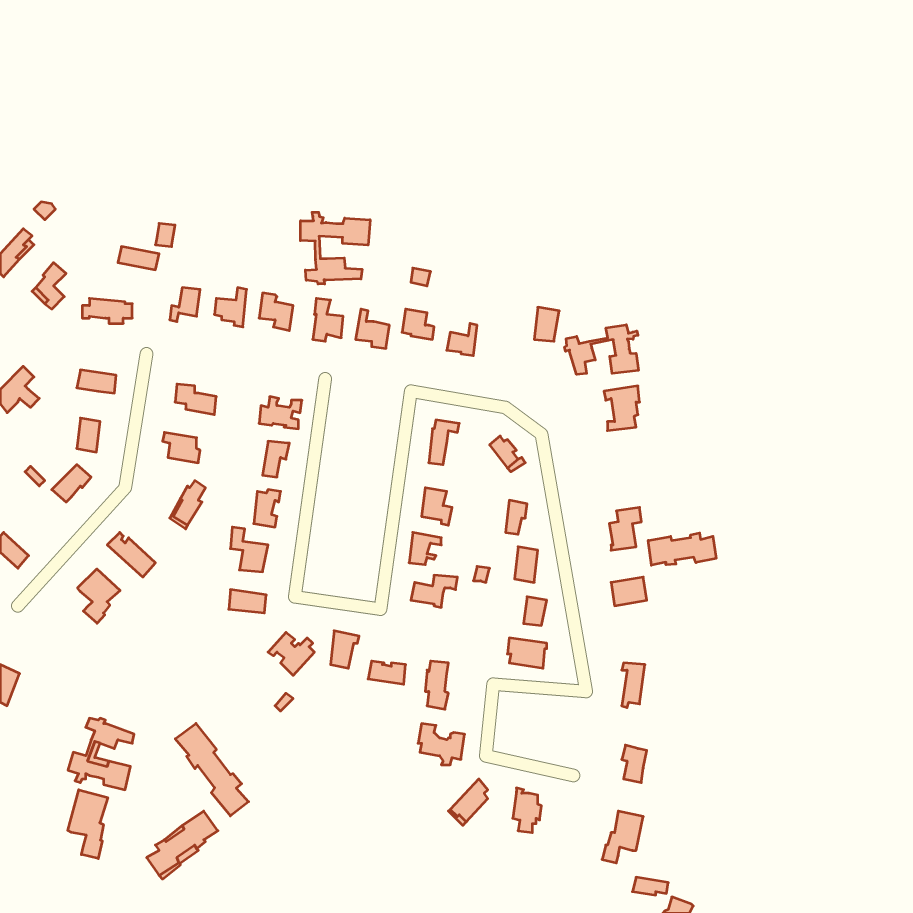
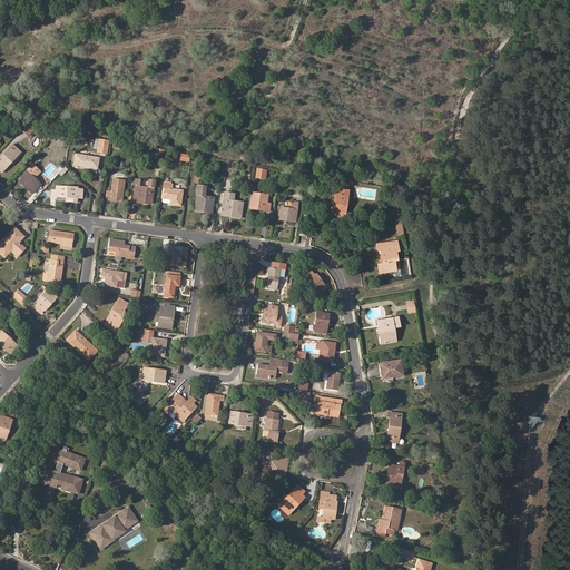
building: [300,212,370,284] -> none
building: [565,325,638,374] -> none
building: [648,533,716,565] -> none
building: [78,569,120,623] -> none
building: [175,723,249,816] -> none
building: [68,790,108,859] -> none

